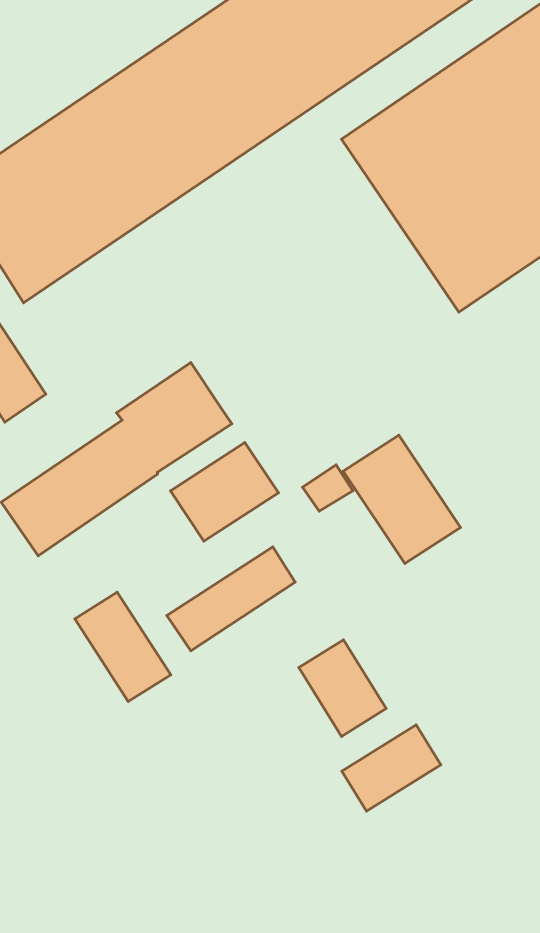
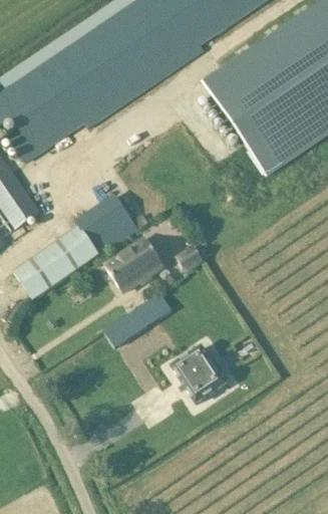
building: [343,435,460,564] -> none
building: [75,592,171,701] -> none
building: [342,725,441,811] -> none

